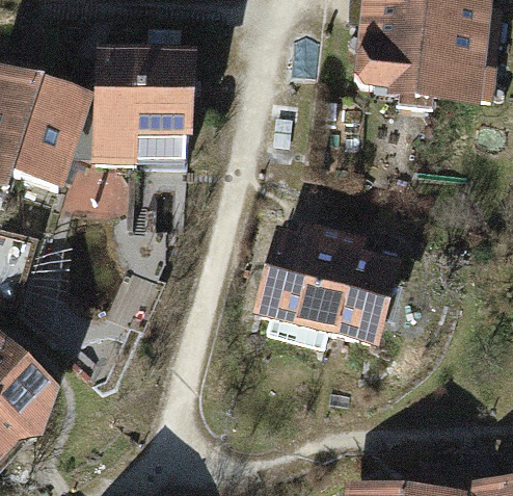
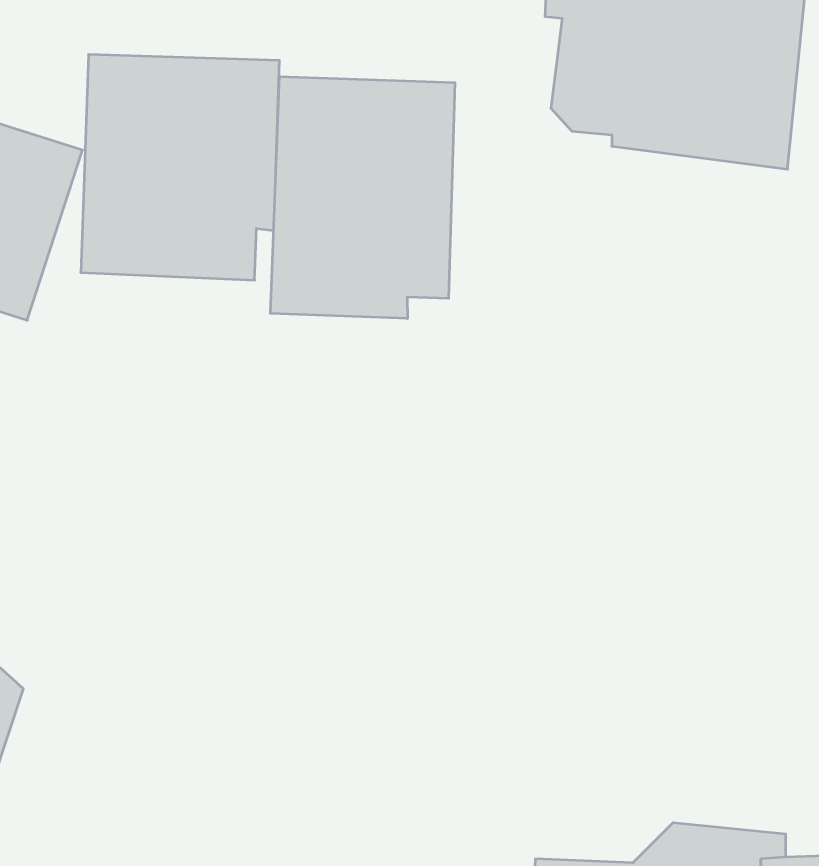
building: none -> [270,76,455,319]
building: [249,221,399,348] -> none

